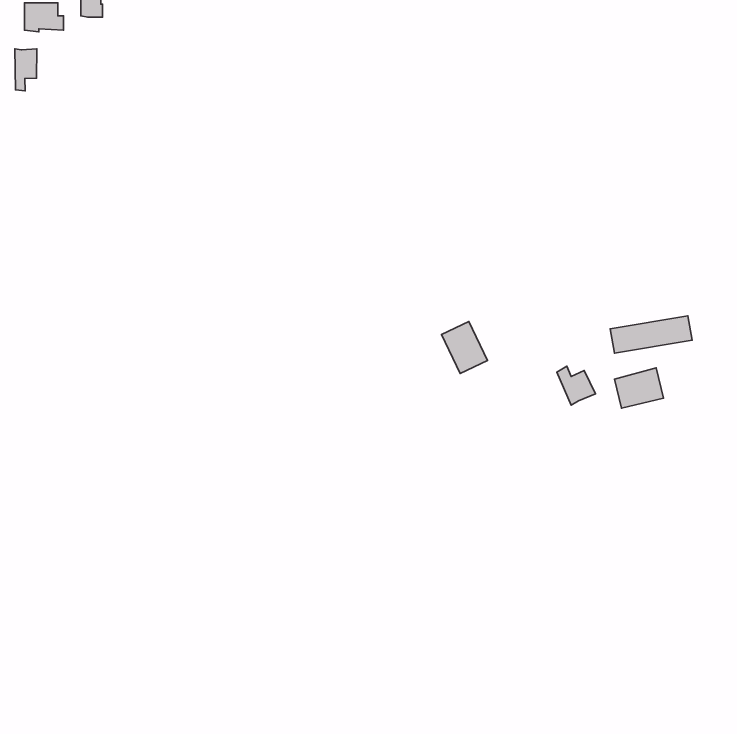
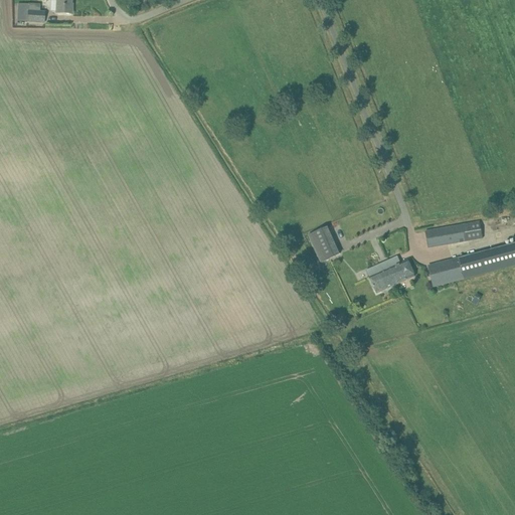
building: [15,49,37,91] -> none
building: none -> [366,260,398,292]

